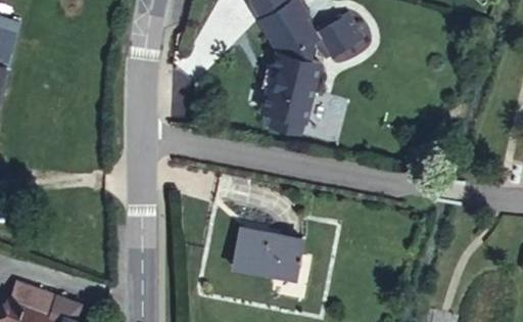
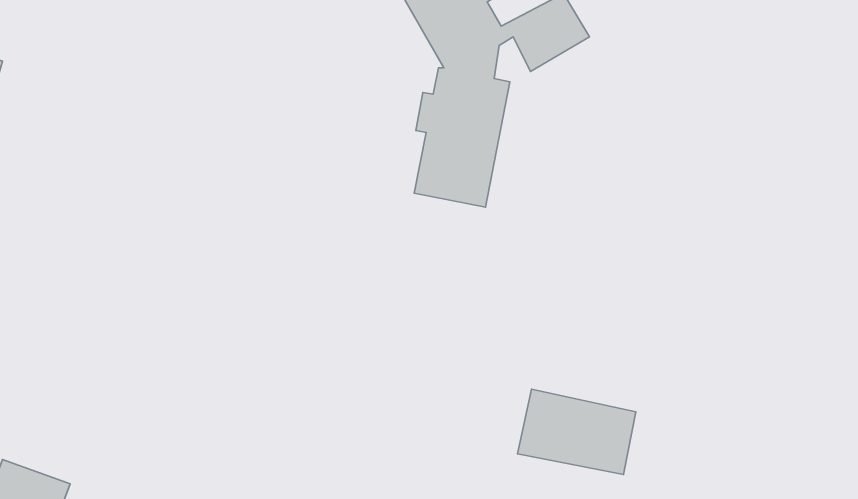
building: [235,229,304,279] -> [518,389,636,475]

